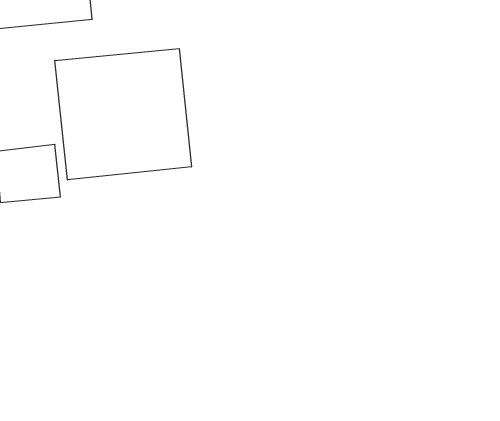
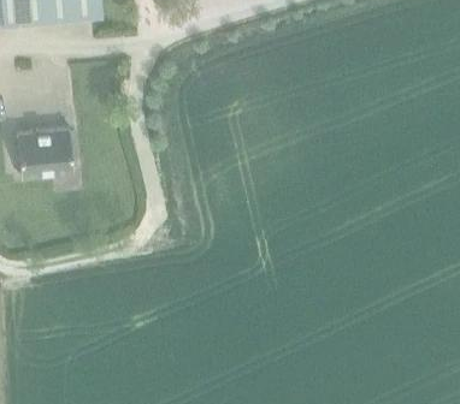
building: [55,49,191,180] -> none

